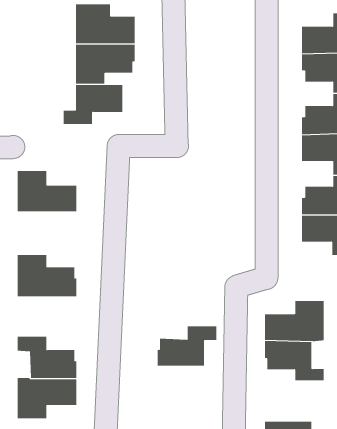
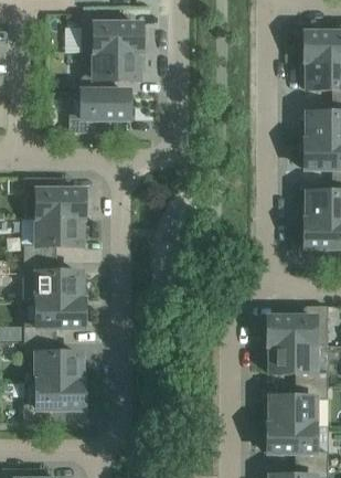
building: none -> [20,216,83,258]
building: none -> [23,300,83,339]
building: [157,326,217,366] -> [267,383,327,423]

